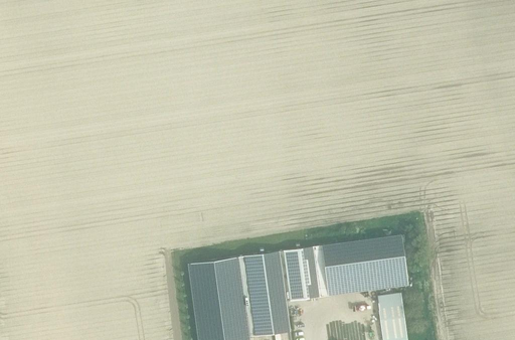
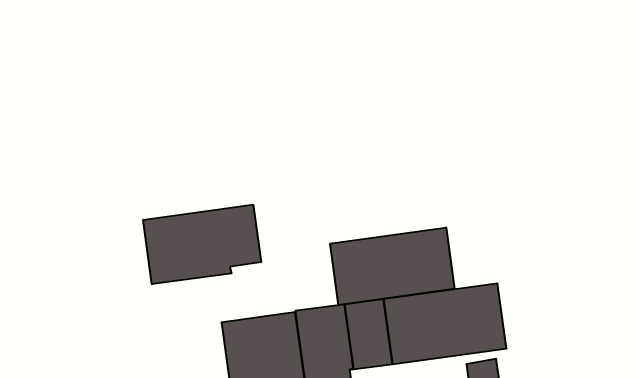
building: none -> [143,205,261,284]
building: none -> [330,227,455,305]

